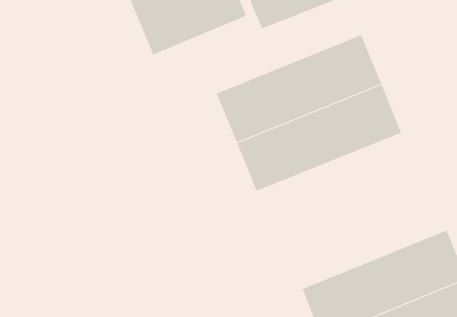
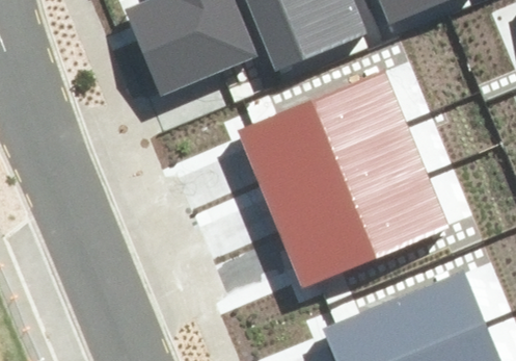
building: none -> [275,172,444,286]

